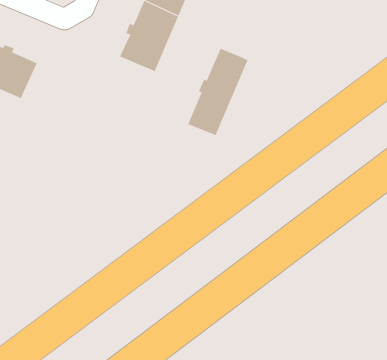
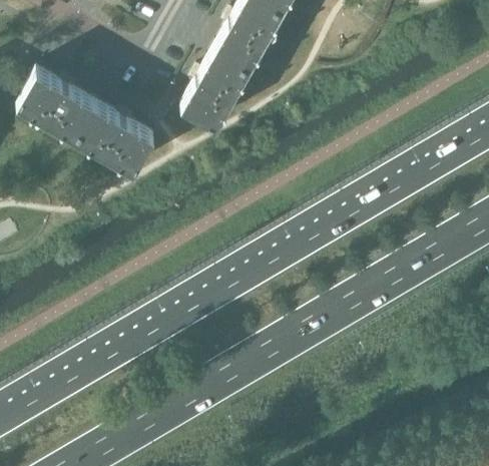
building: [188,48,248,136] -> none
building: none -> [75,108,154,176]

